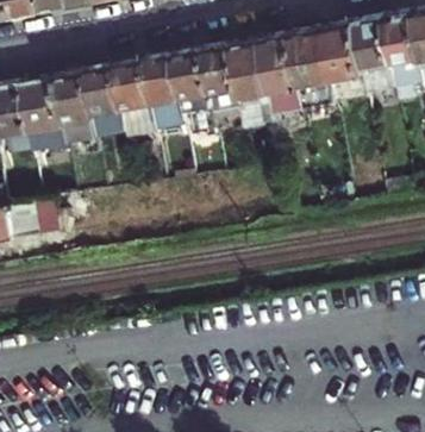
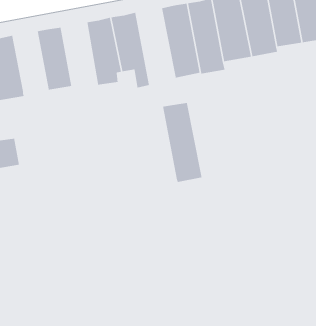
building: [199,43,246,138] -> [162,102,203,183]
building: [111,60,156,152] -> none
building: [54,70,98,157] -> none

